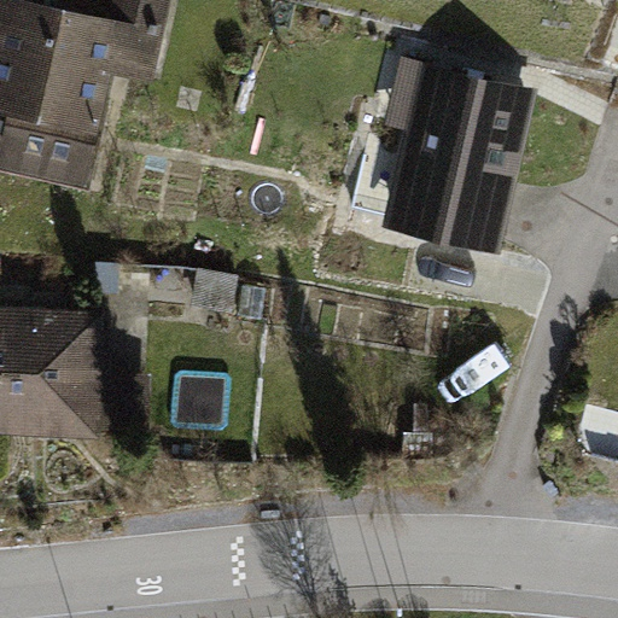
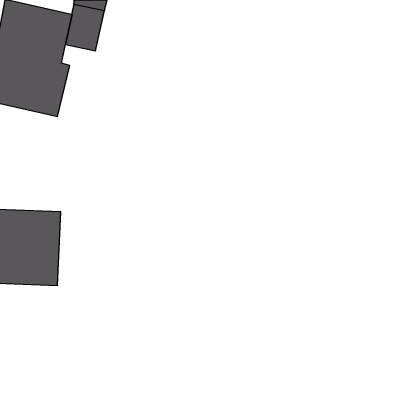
building: [392,74,519,241] -> none

